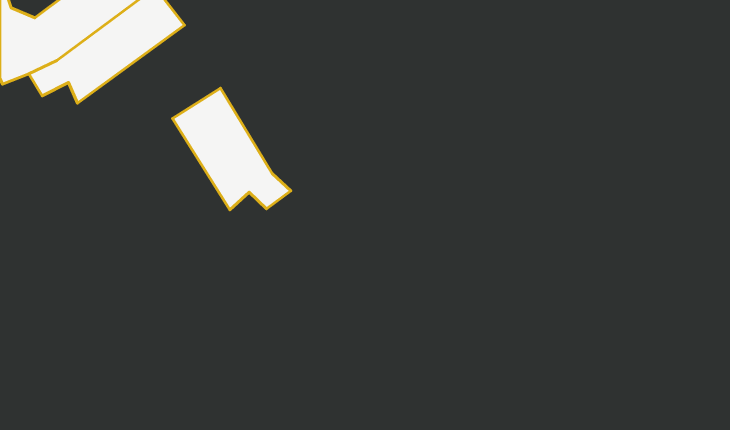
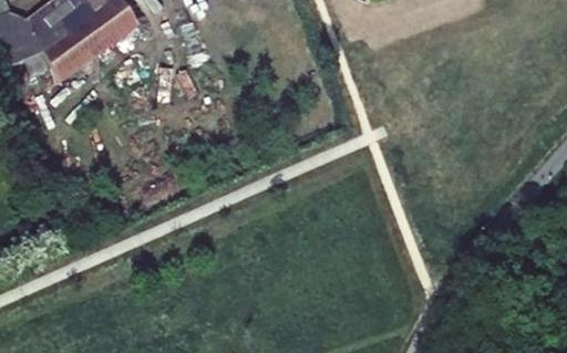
building: [172,88,291,210] -> none

